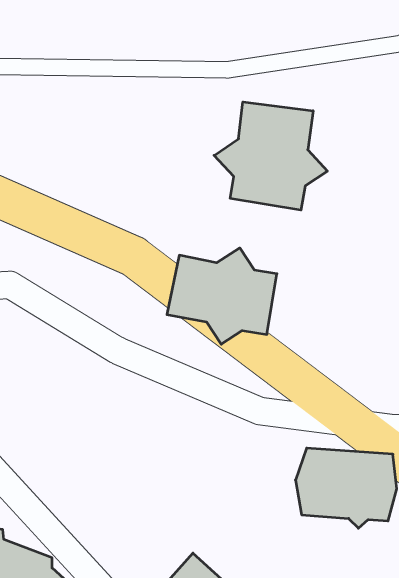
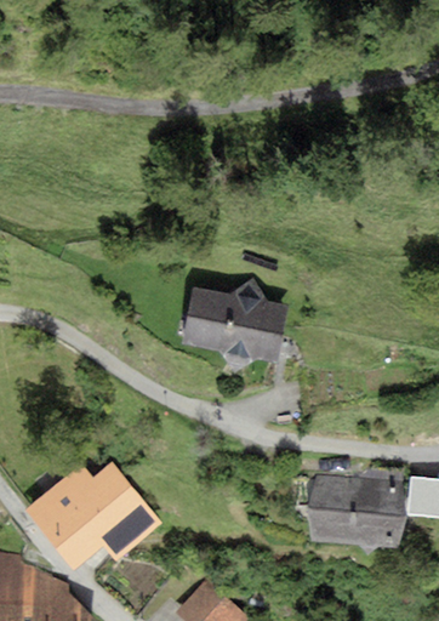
building: [214,102,327,210] -> none
building: none -> [27,466,163,569]

